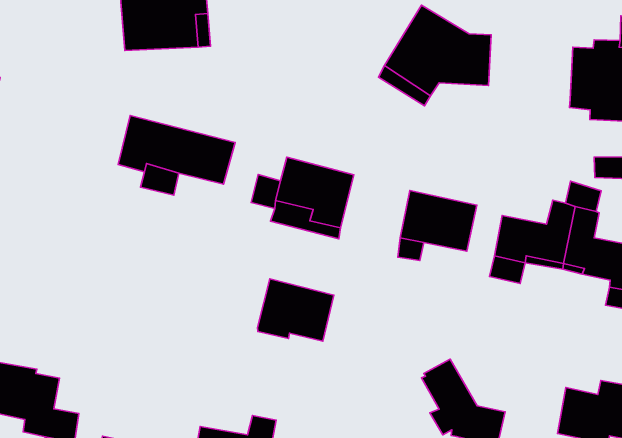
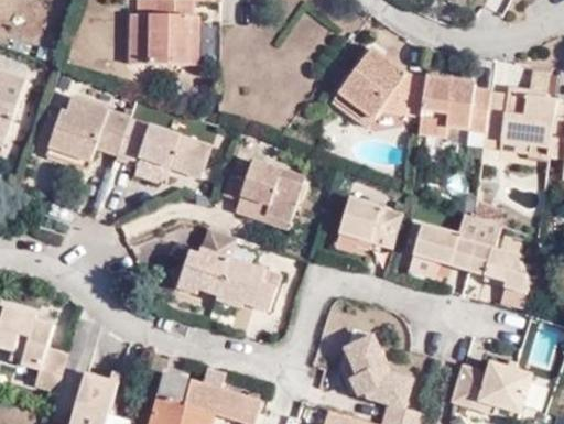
building: none -> [417,75,490,137]
building: none -> [44,94,130,170]
building: none -> [167,226,237,295]

